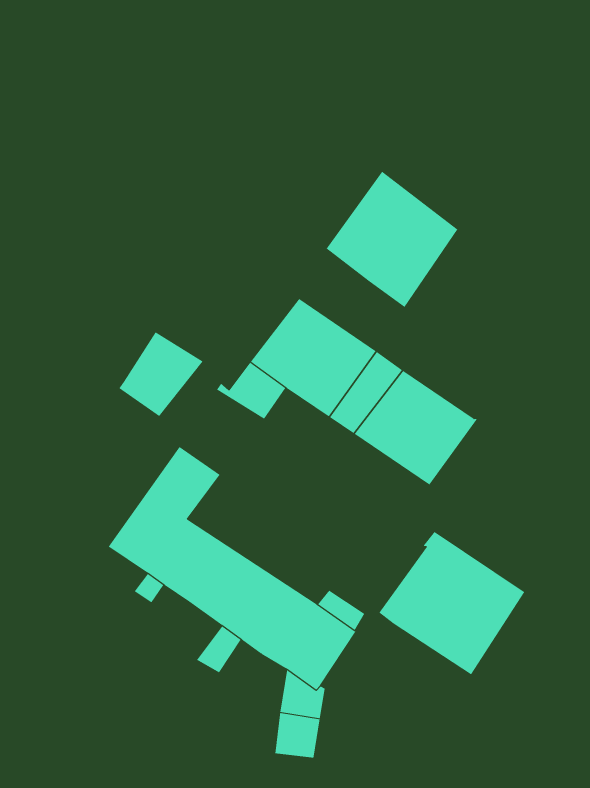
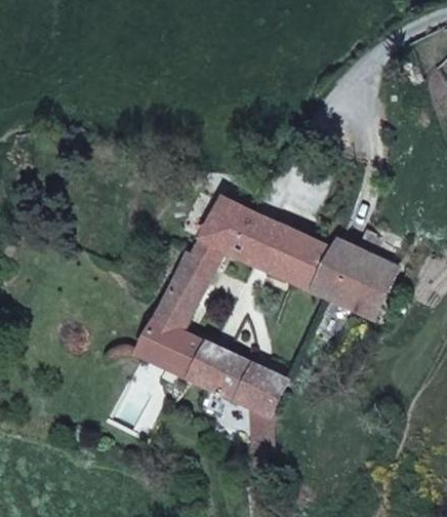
building: [326,171,458,308] -> none
building: [118,332,204,417] -> [169,255,214,303]
building: [379,531,525,675] -> [313,239,393,316]

